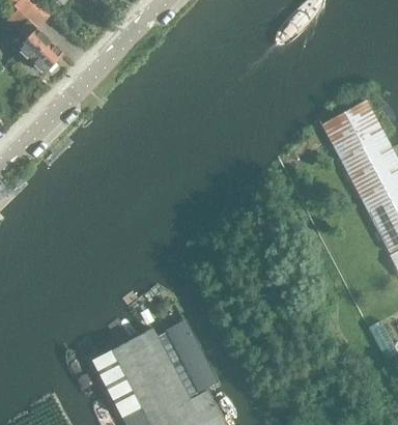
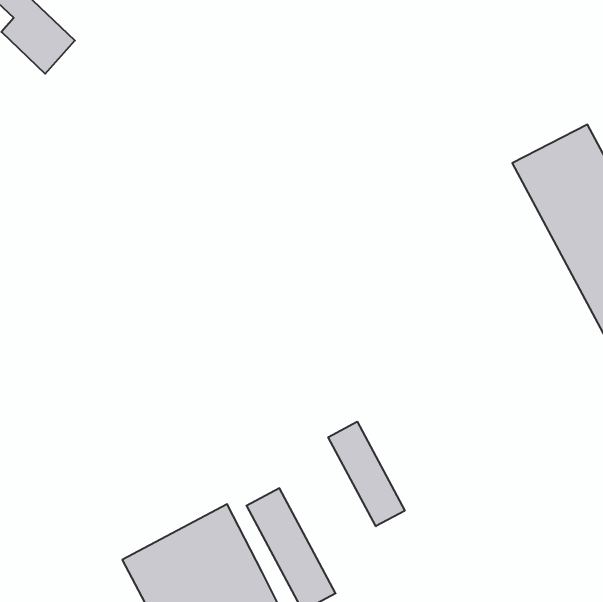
building: none -> [328,422,405,526]

